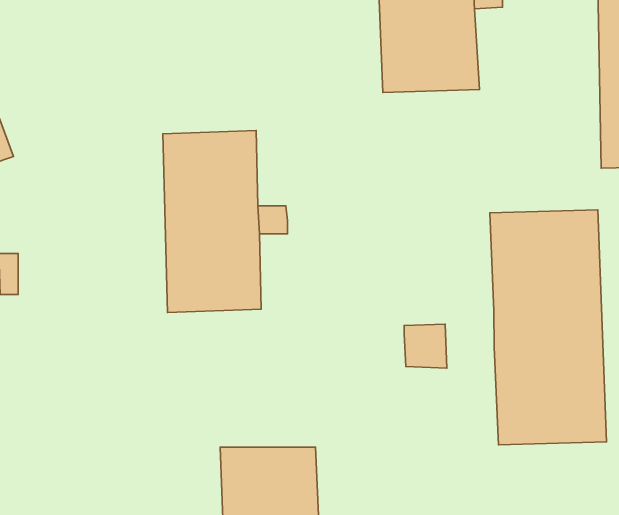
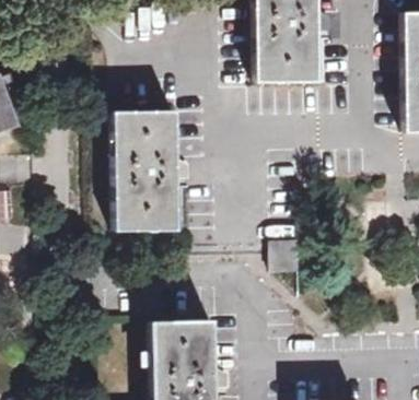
building: [490,210,607,445] -> none

